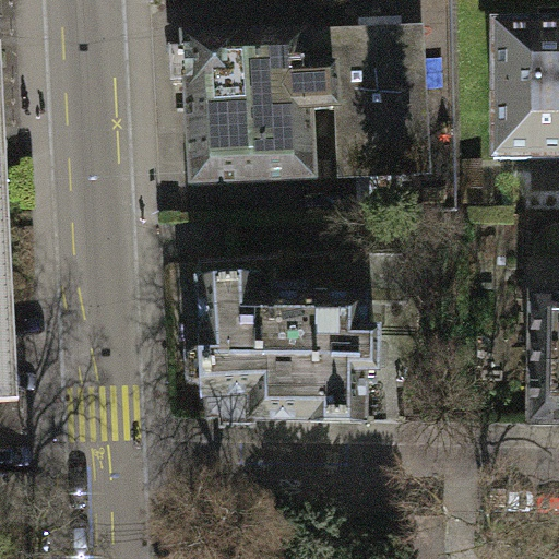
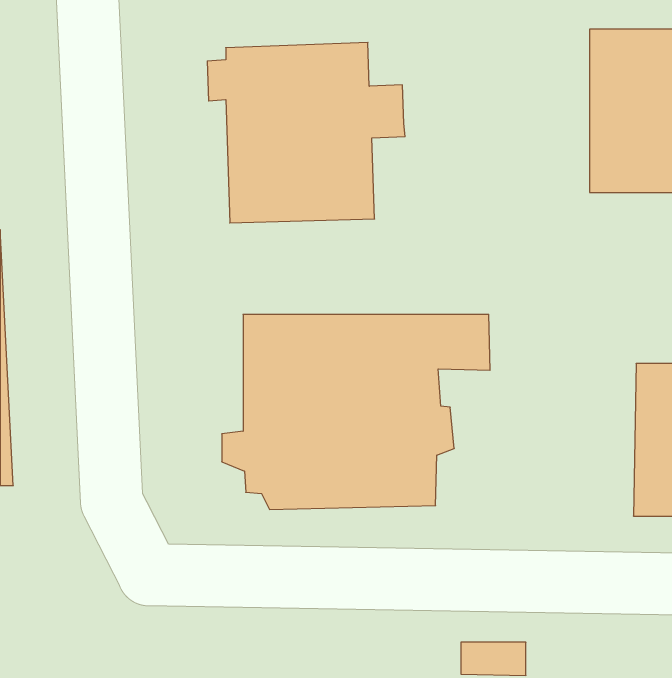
building: [308,29,423,178] -> none

